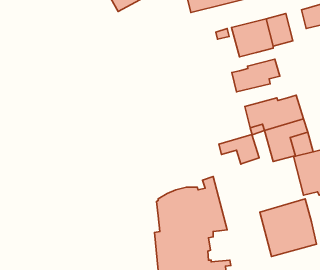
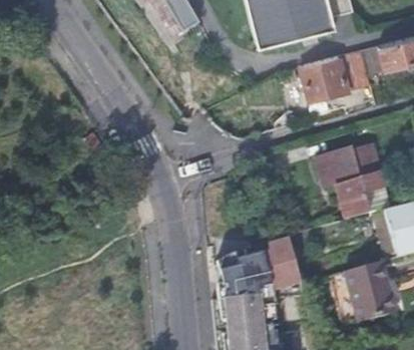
building: [232,59,280,92] -> none
building: [219,134,259,164] -> none

